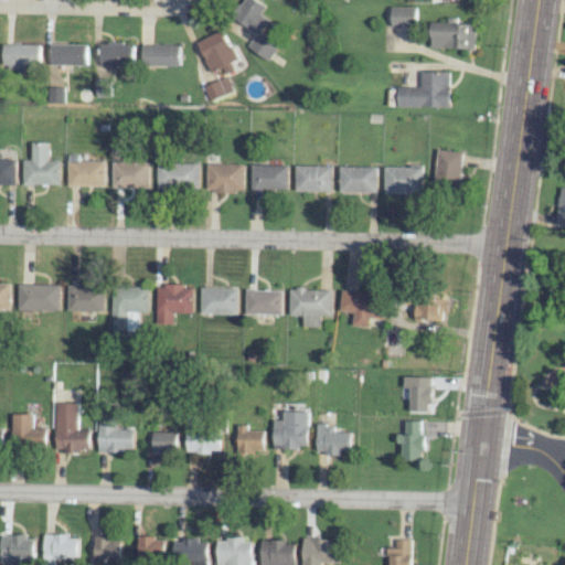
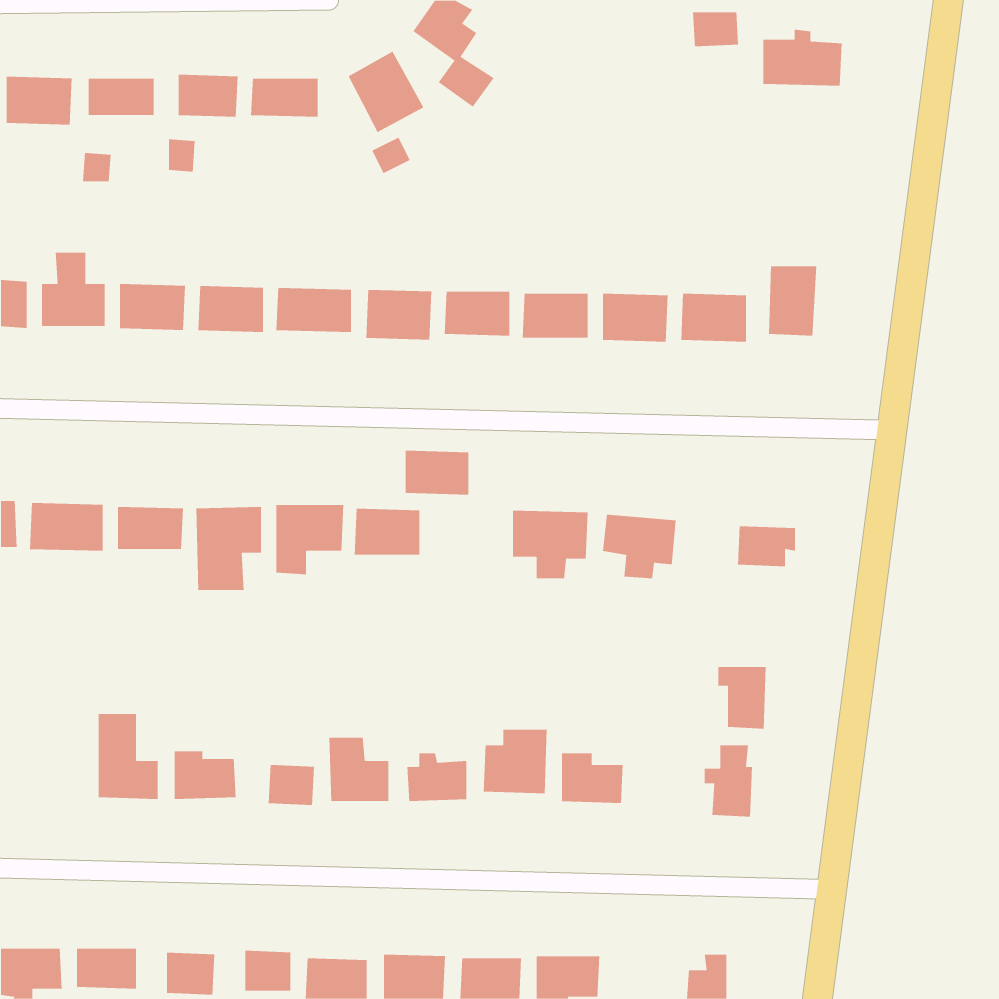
building: [397,71,450,107] -> none
building: [245,289,281,315] -> [405,450,469,495]
building: [11,414,46,446] -> none

